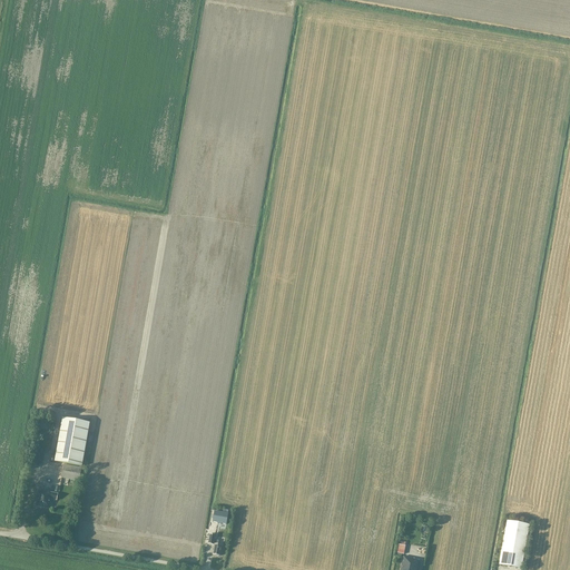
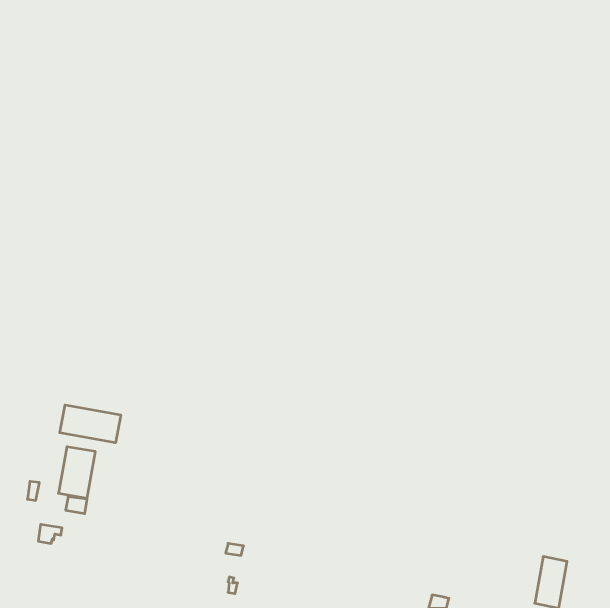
building: none -> [60,405,121,443]

